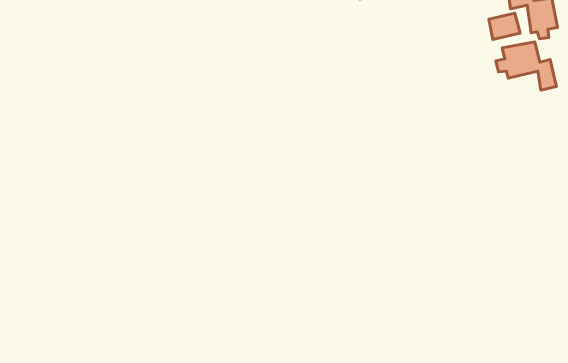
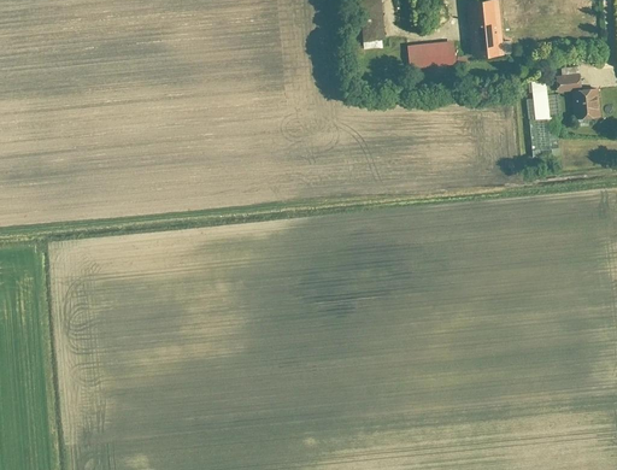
building: [496,42,557,90] -> none

